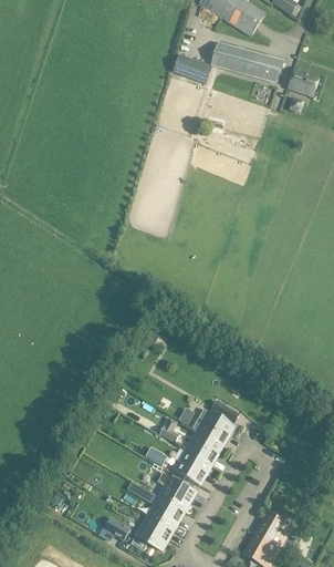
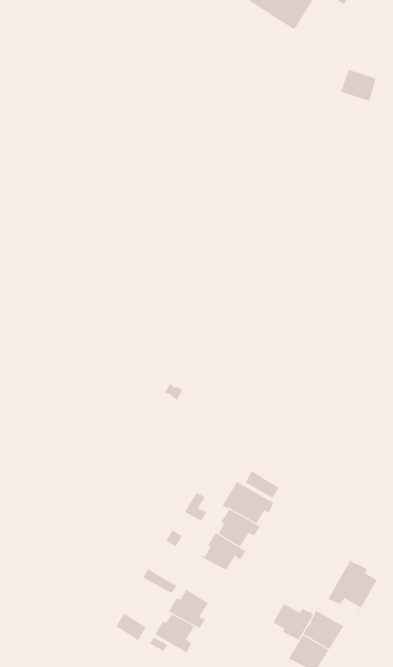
building: [174,41,284,83] -> none
building: none -> [328,559,379,615]
building: [159,476,197,512] -> none
building: none -> [272,598,314,641]

